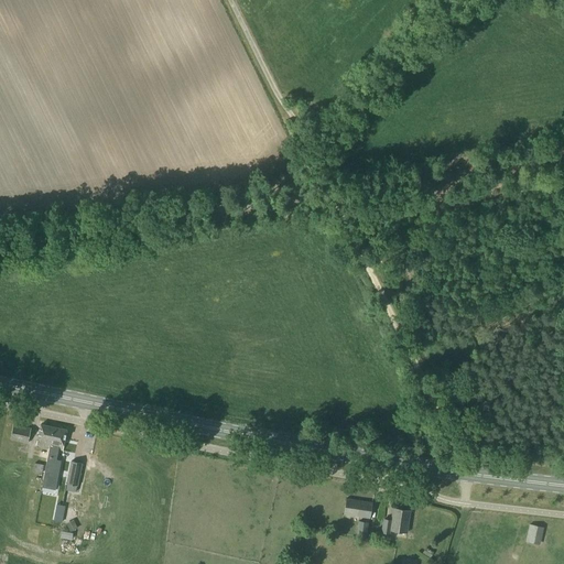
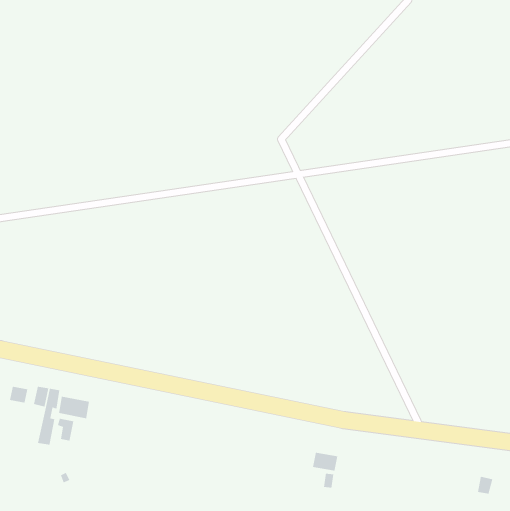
building: none -> [58,396,90,419]
building: [382,509,411,534] -> none

